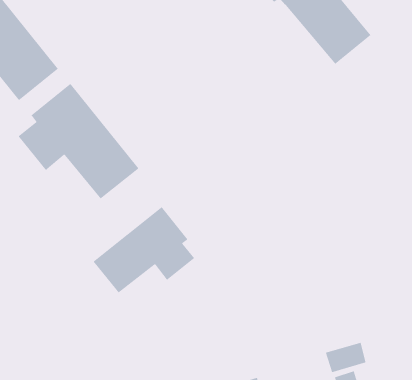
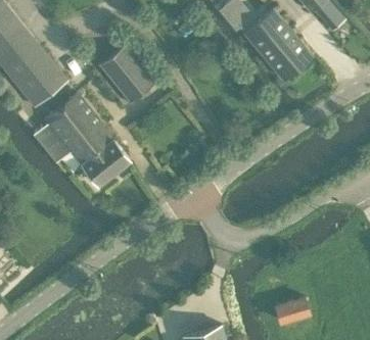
building: none -> [99,46,154,103]
building: [93,206,195,293] -> none

